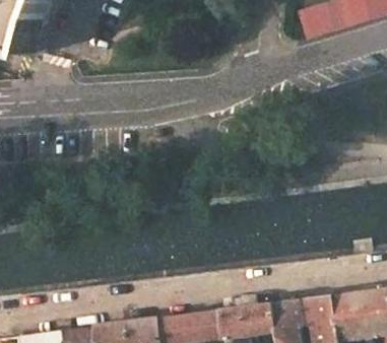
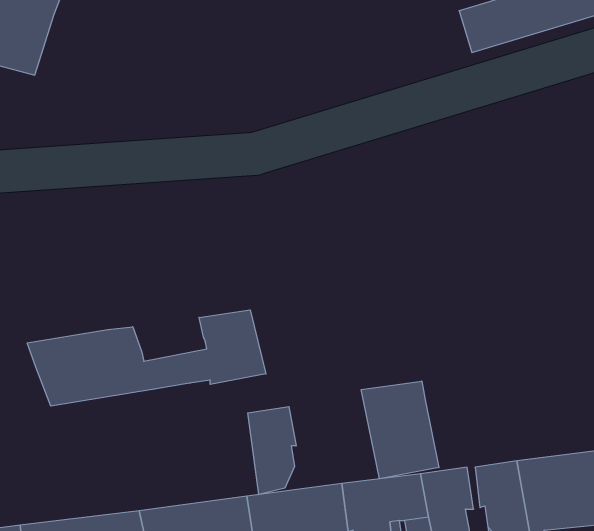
building: none -> [27,310,266,406]
building: none -> [361,381,439,479]
building: none -> [248,407,296,495]

